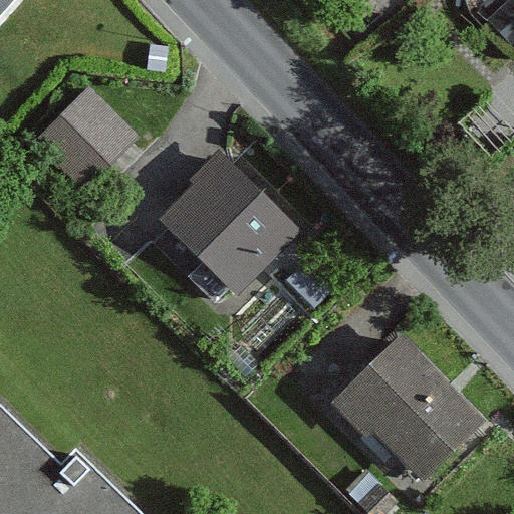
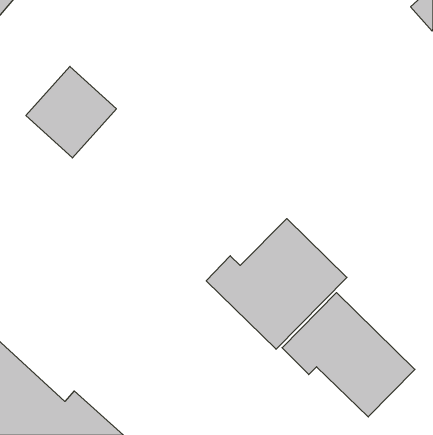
building: [161,153,299,297] -> none
building: none -> [206,219,347,349]

